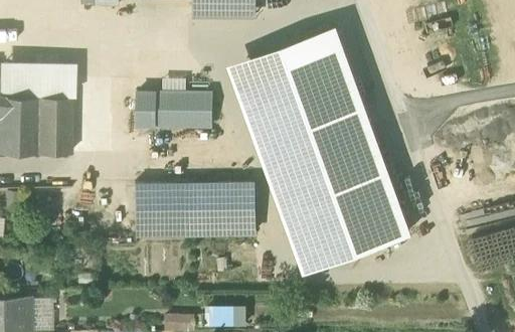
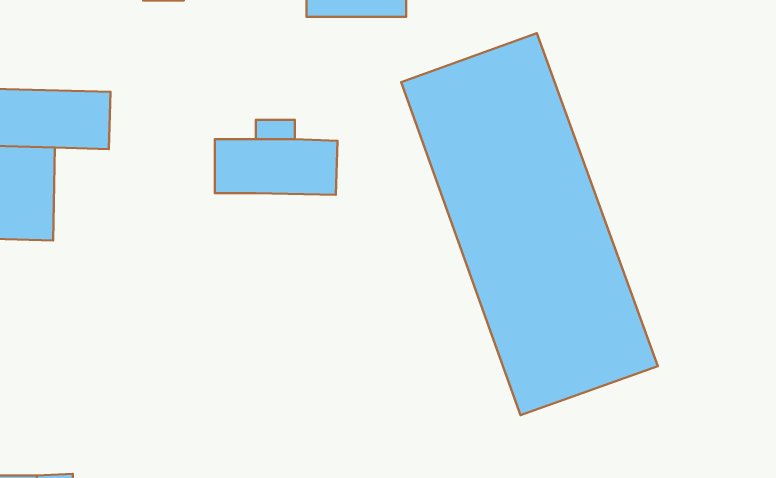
building: [228,57,325,271] -> none
building: [37,98,71,155] -> none
building: [133,182,255,234] -> none

